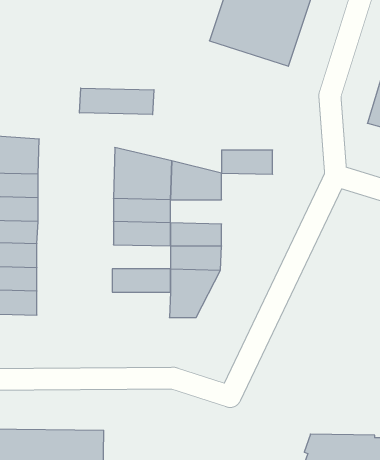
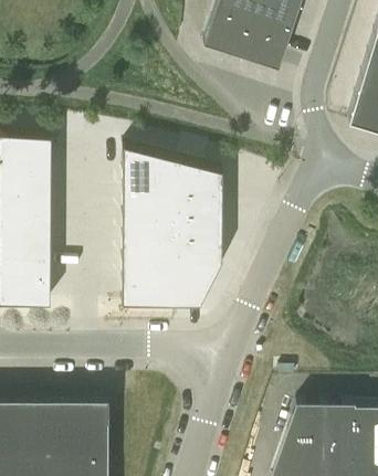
building: [80,88,154,115] -> none
building: [222,150,273,174] -> [169,194,216,216]
building: none -> [116,235,169,257]
building: none -> [116,278,169,302]

